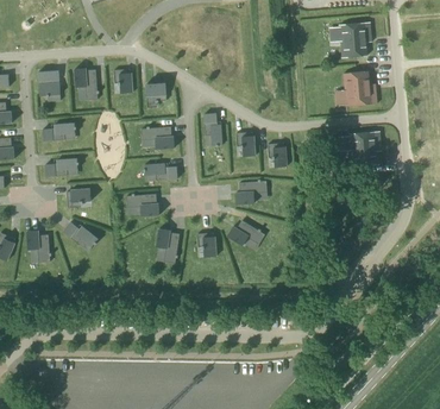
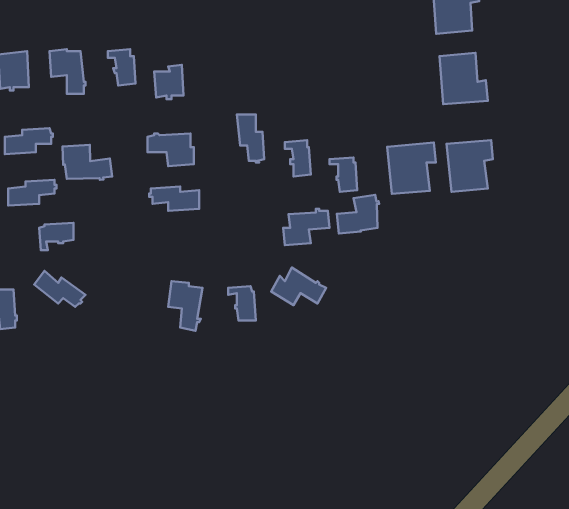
building: none -> [387,142,436,194]
building: none -> [63,145,112,180]
building: none -> [337,195,379,233]
building: [125,194,158,218] -> none

